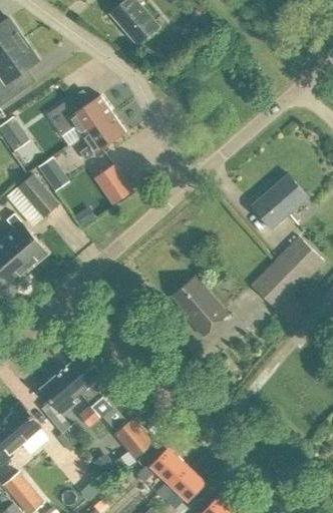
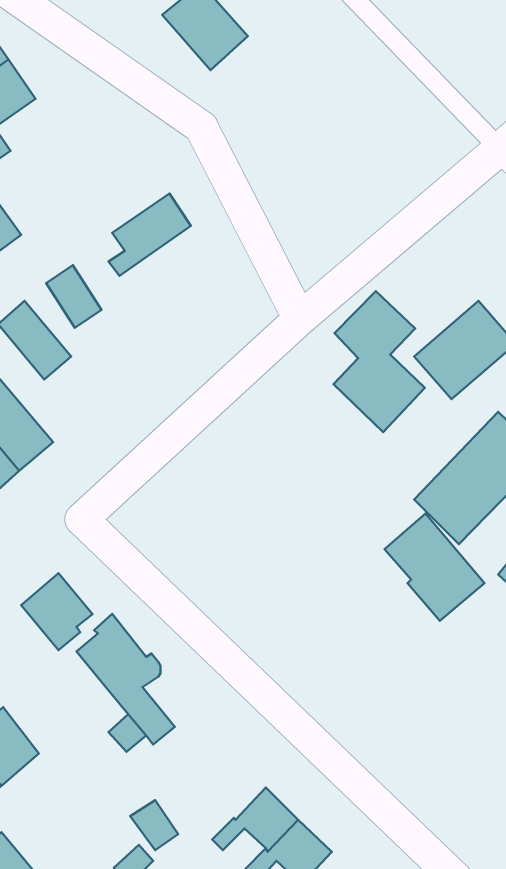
building: [46,95,113,136] -> none
building: [94,164,132,204] -> none
building: none -> [333,291,425,432]
building: [172,277,228,337] -> [384,513,484,621]
building: [40,371,80,414] -> [21,573,93,650]
building: [114,420,151,458] -> none

